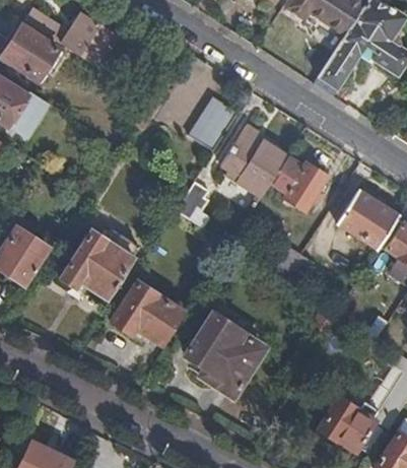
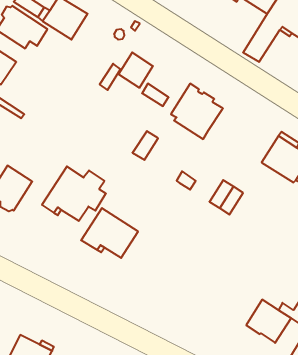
building: [194,96,238,141] -> [119,52,153,88]
building: [271,156,327,210] -> none
building: [186,314,264,396] -> none

